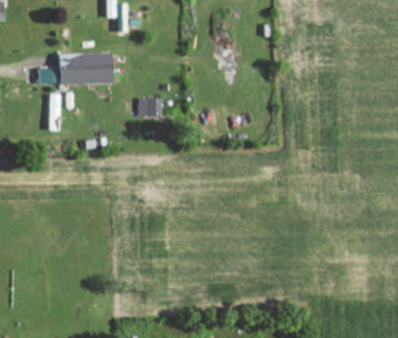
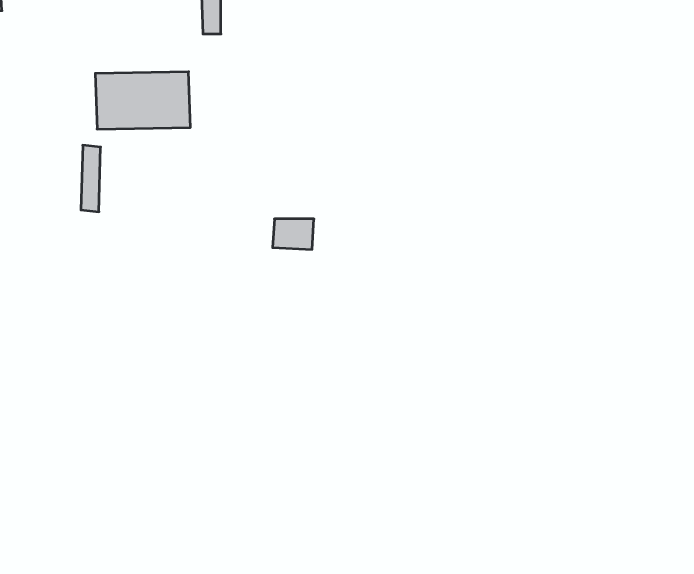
building: [138,98,161,115] -> [273,219,314,249]

